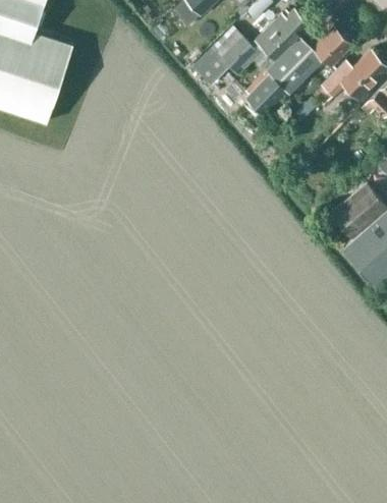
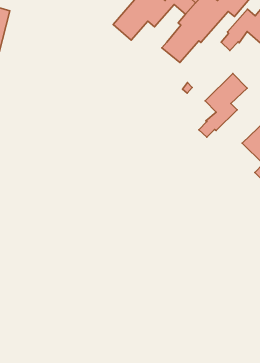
building: none -> [199,74,247,137]

